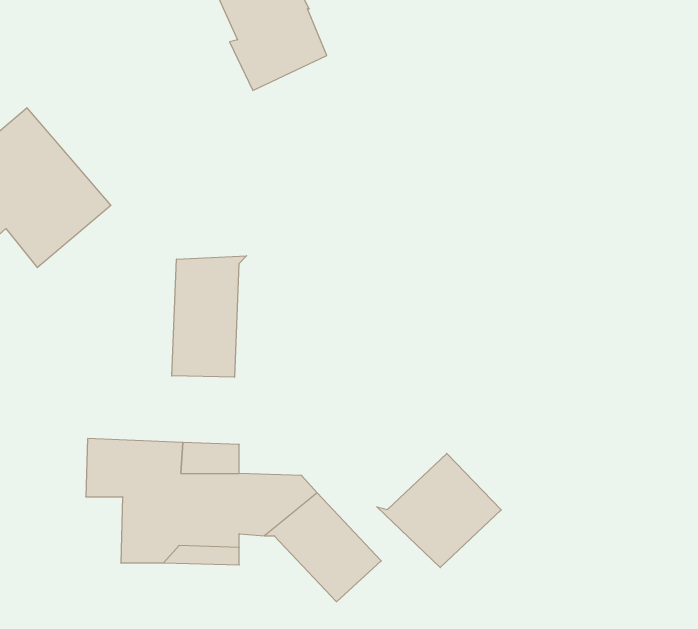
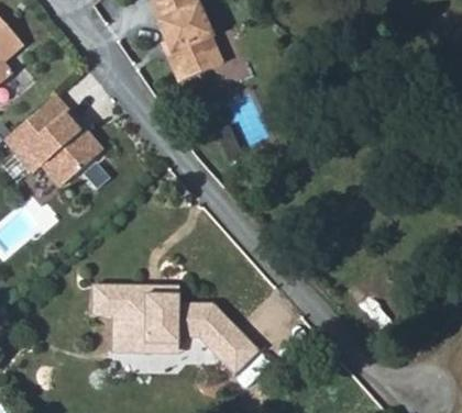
building: [172,256,247,377] -> none
building: [377,453,501,568] -> none

